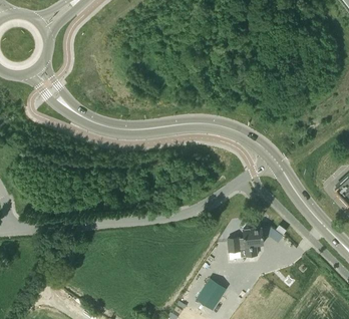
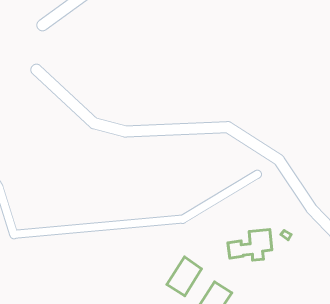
building: none -> [167,257,201,296]

